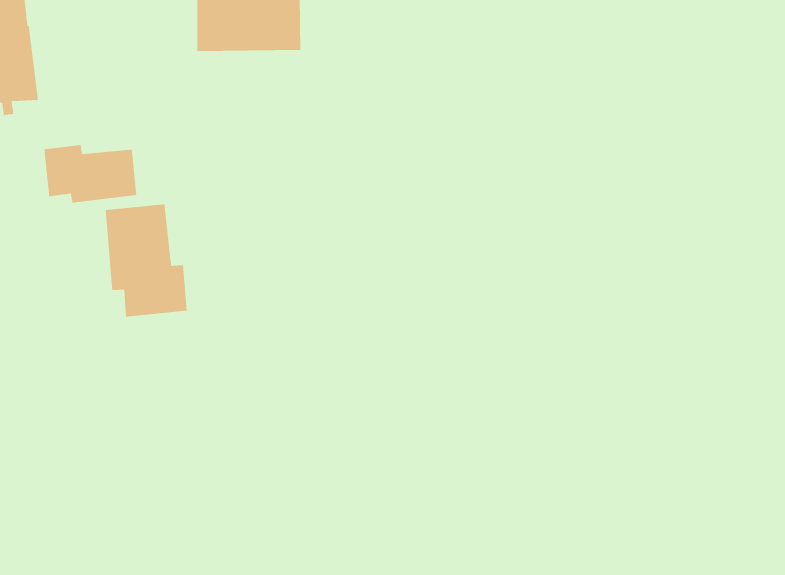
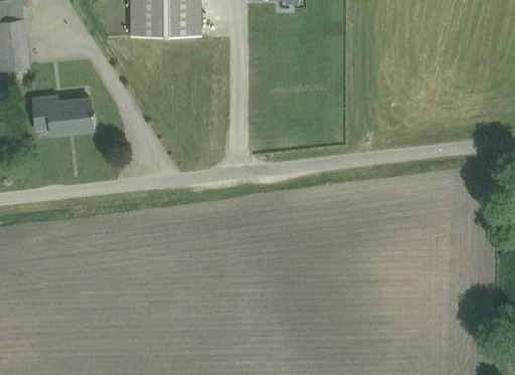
building: [105,204,187,317] -> none

